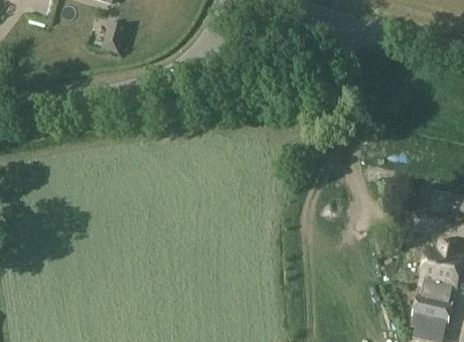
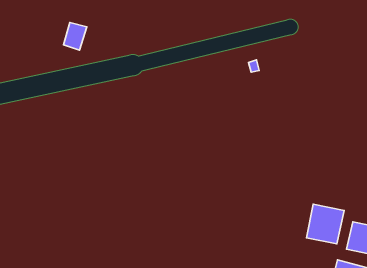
building: none -> [307,204,344,244]

